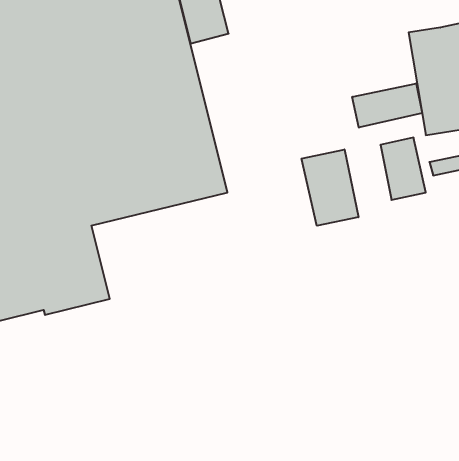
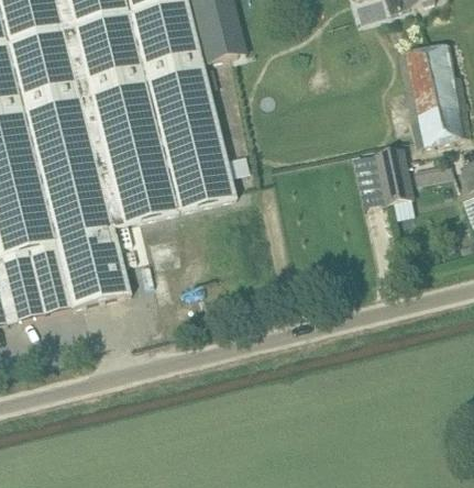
building: [352,83,422,128] -> none
building: [302,149,358,226] -> none

